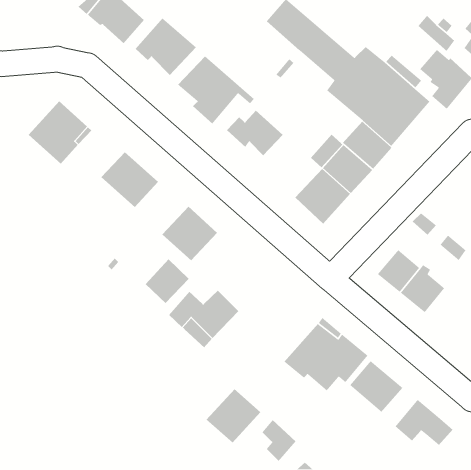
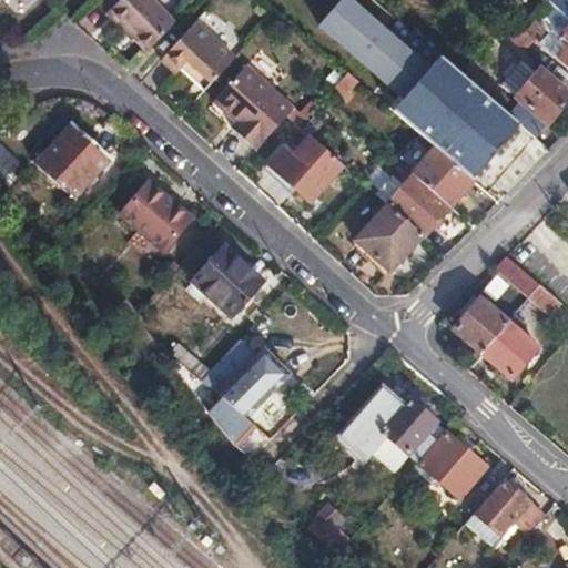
building: [145,258,189,304] -> none
building: none -> [209,396,253,443]
building: [206,388,261,444] -> none

